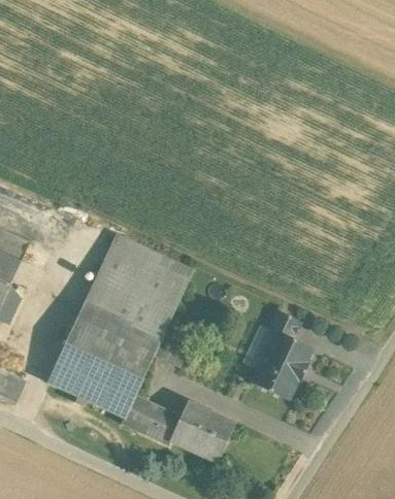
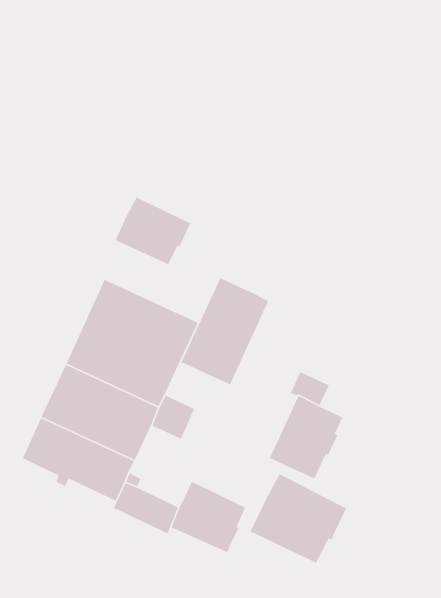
building: none -> [114,190,191,265]
building: none -> [180,277,269,385]
building: none -> [250,465,347,564]

